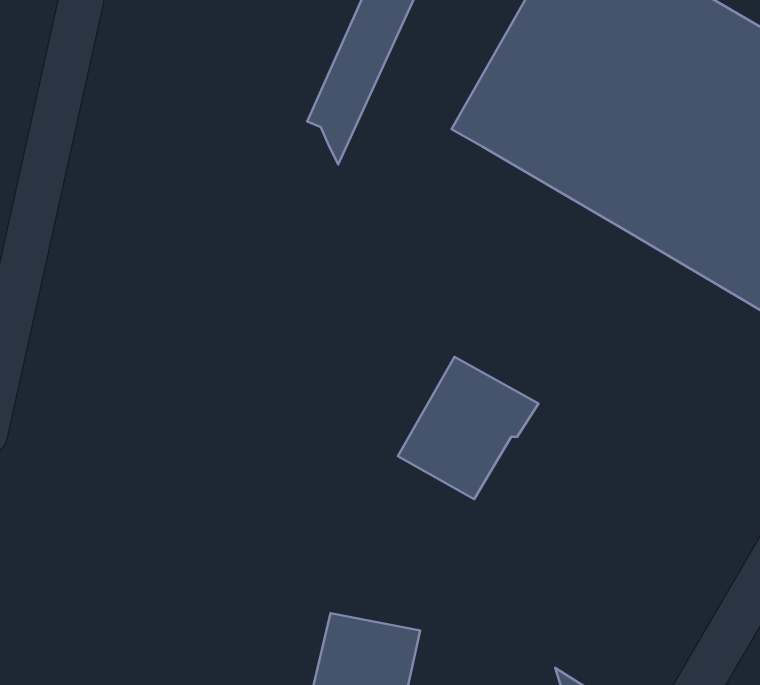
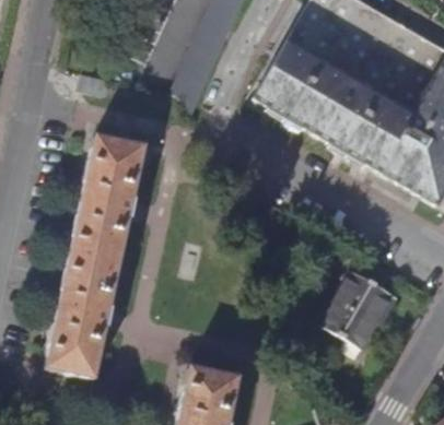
building: none -> [45,138,142,380]
building: [398,357,539,499] -> [322,270,400,350]

